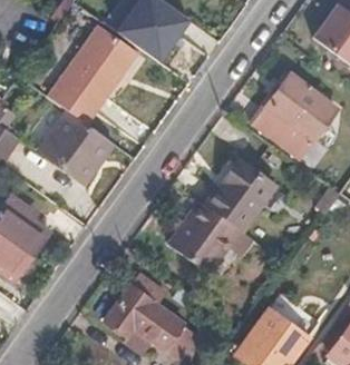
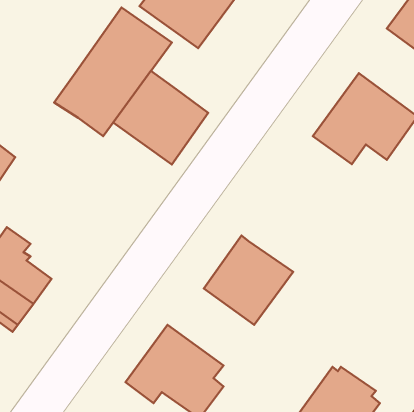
building: [37,109,113,184] -> [113,71,208,165]
building: [203,161,272,233] -> none

